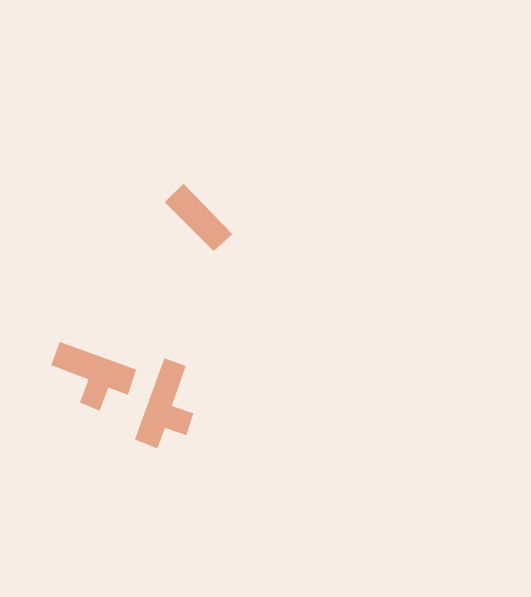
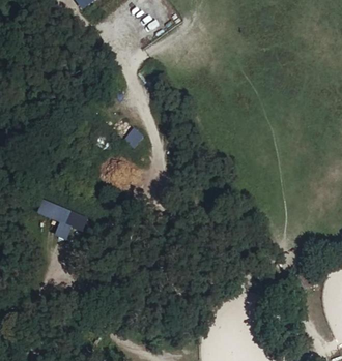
building: [134,357,194,449] -> none

